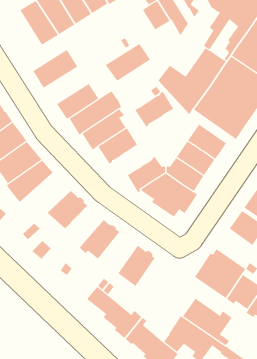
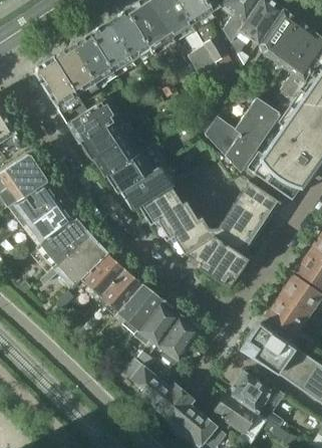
building: none -> [36,56,77,108]
building: [105,43,151,82] -> [79,119,129,161]
building: [135,91,174,127] -> [155,201,199,241]
building: none -> [53,235,107,288]
building: none -> [103,271,145,313]
building: none -> [268,296,309,337]
building: none -> [139,300,183,346]

